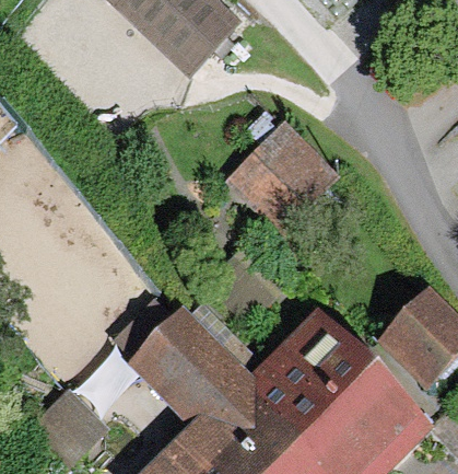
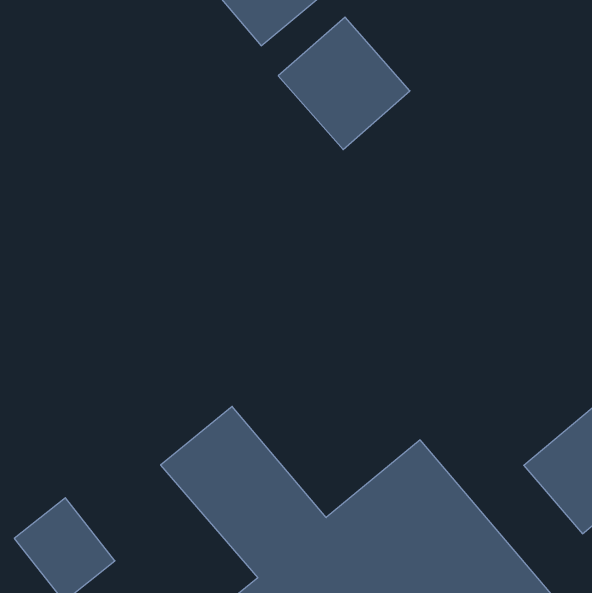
building: [237,130,328,221] -> [278,17,410,150]

